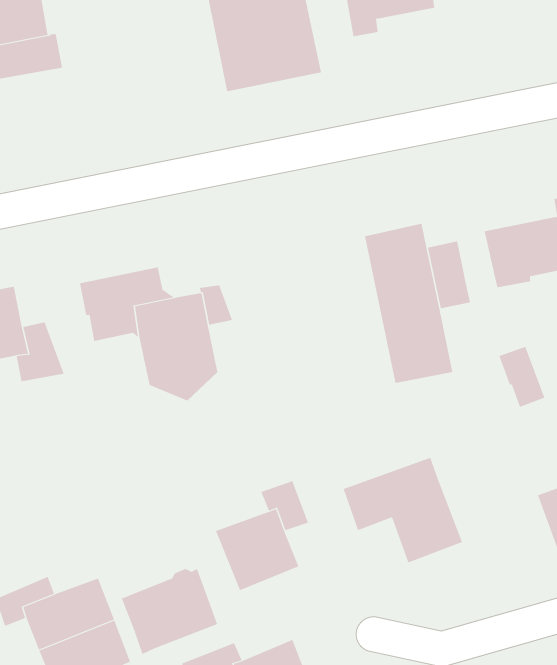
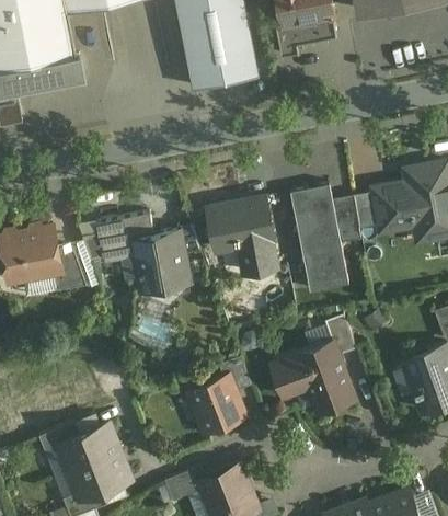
building: none -> [352,191,377,226]
building: none -> [206,194,274,271]
building: [498,346,545,408] -> [324,313,356,355]
building: [121,568,218,655] -> none

